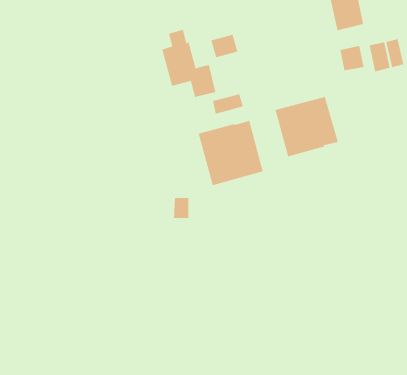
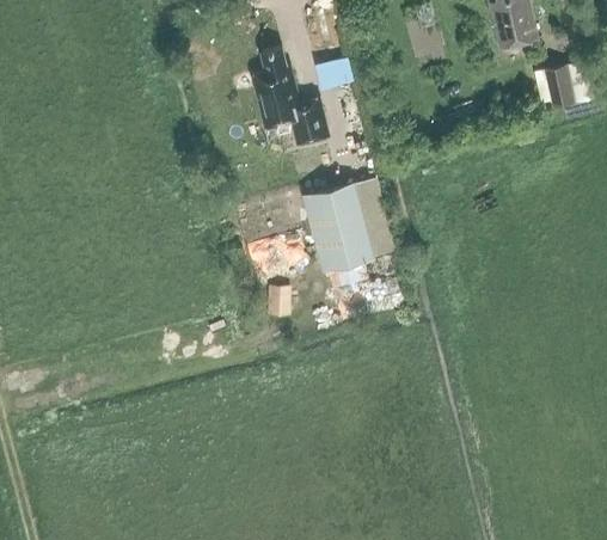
building: [340,45,364,71] -> none
building: [213,93,243,114] -> none
building: [275,96,338,157] -> none

